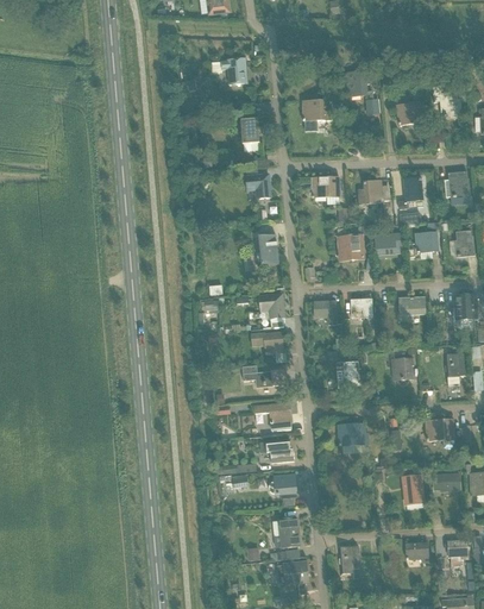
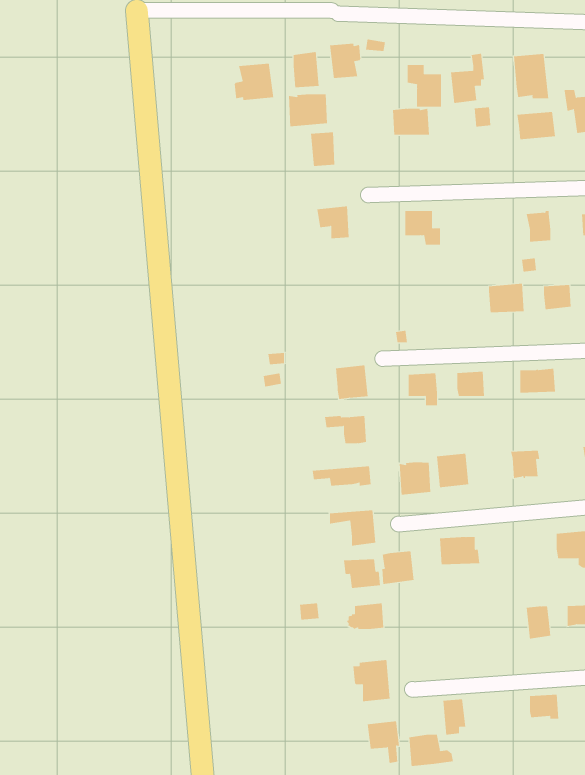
building: none -> [329,43,361,79]
building: none -> [513,53,549,99]
building: none -> [234,63,274,101]
building: none -> [407,64,441,108]
building: none -> [289,93,327,127]
building: [357,180,390,209] -> none
building: [257,234,278,265] -> none
building: [339,234,363,259] -> none
building: none -> [399,461,431,496]
building: none -> [382,550,414,585]
building: none -> [409,734,454,767]

